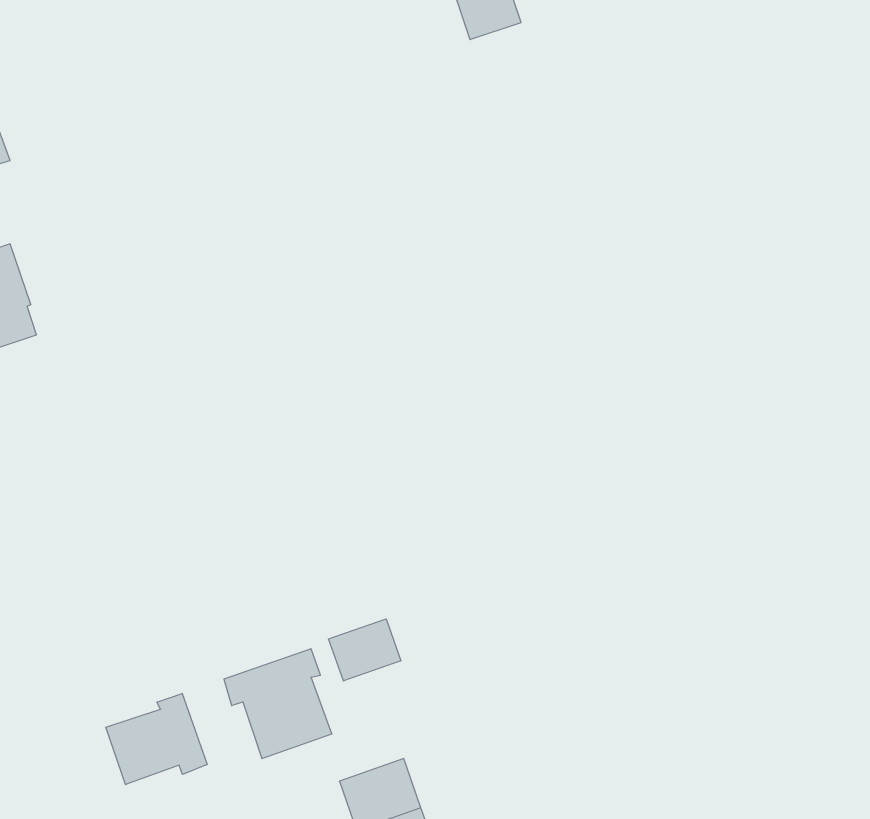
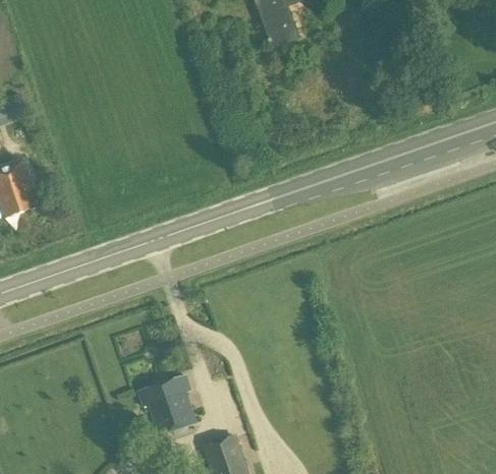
building: [329,619,401,681] -> none
building: [106,693,207,785] -> none

